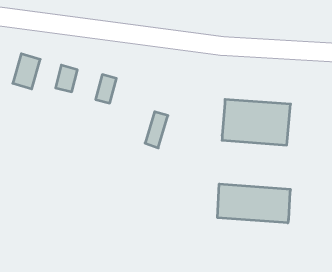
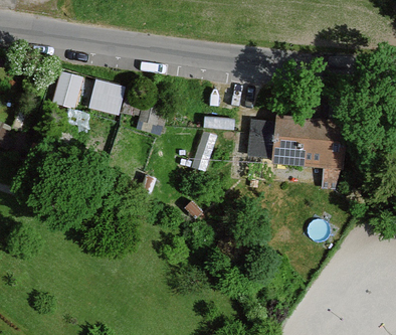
building: none -> [247,120,275,156]
building: [218,184,290,223] -> none

